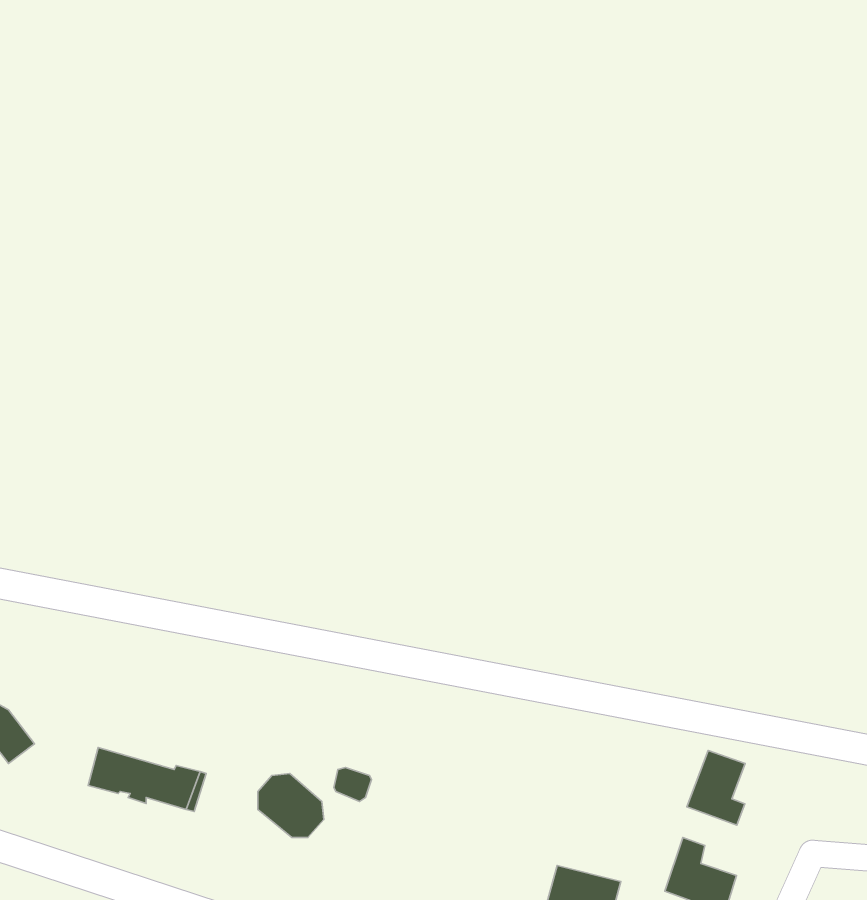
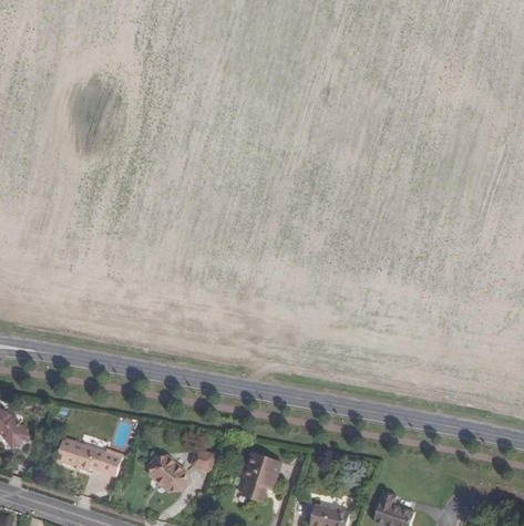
building: [687,751,745,825] -> none
building: none -> [243,450,281,499]

